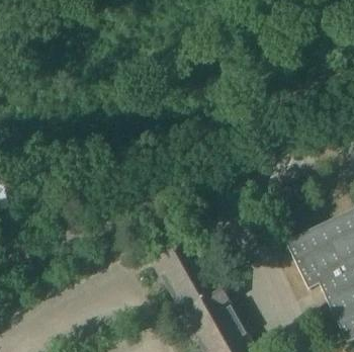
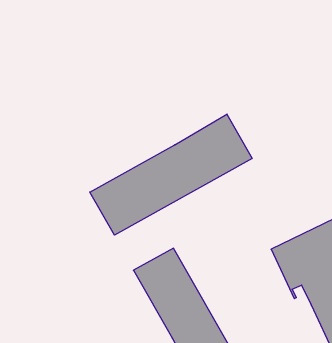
building: none -> [90,114,252,235]

